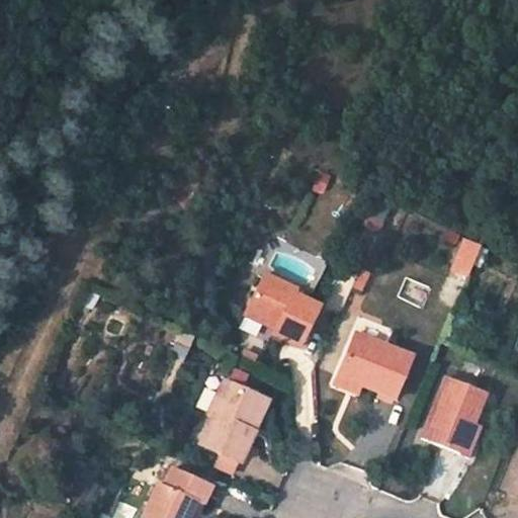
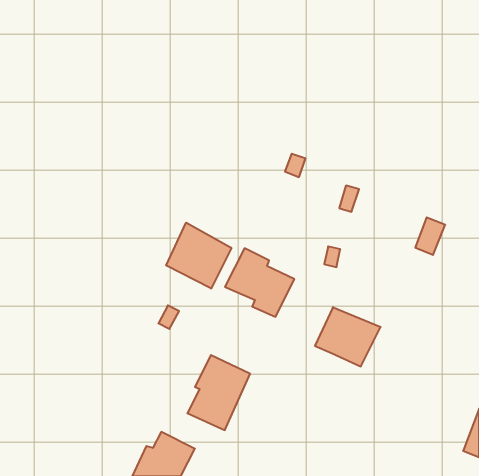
building: none -> [166,223,231,289]
building: [422,379,489,455] -> none

